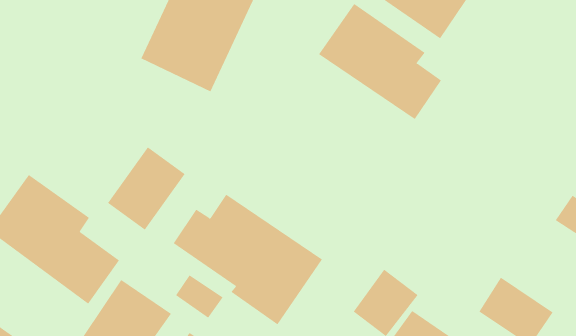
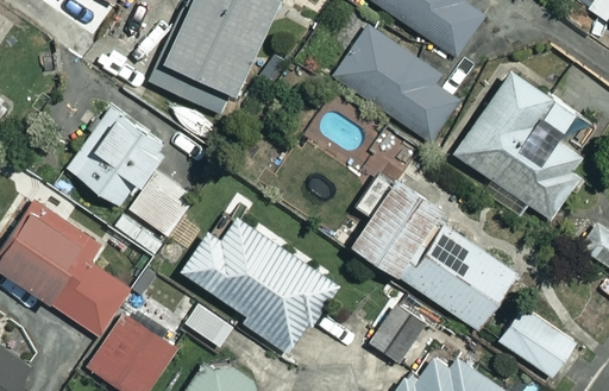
building: none -> [453,69,589,220]
building: none -> [69,109,168,209]
building: none -> [350,165,519,332]

